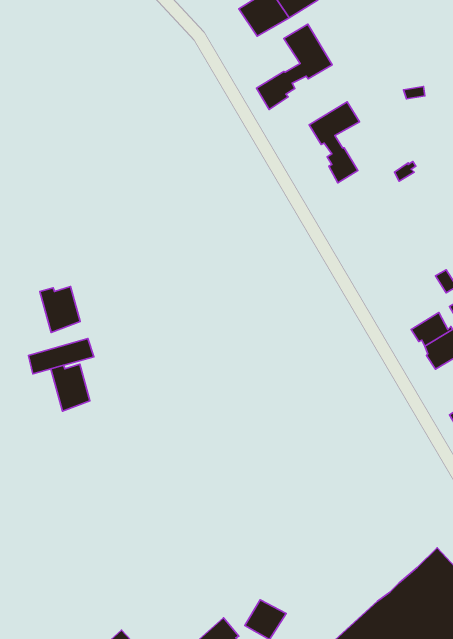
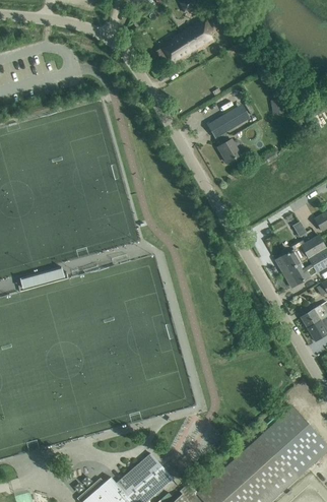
building: [257,24,332,110] -> none
building: [40,287,80,332] -> none
building: [51,364,90,411] -> none

